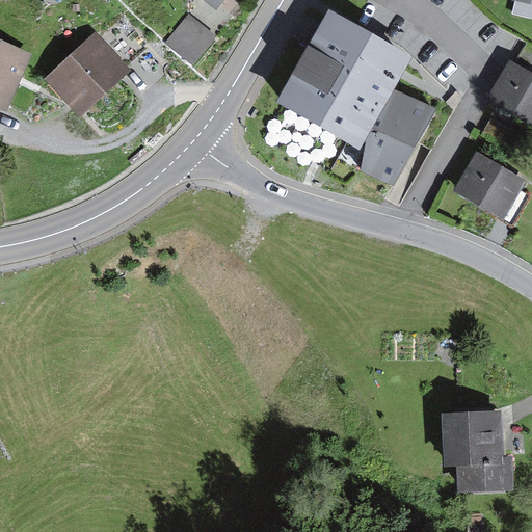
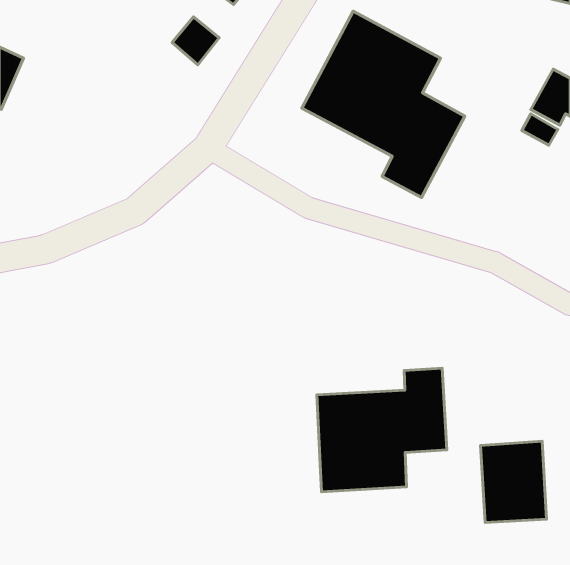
building: [51,37,123,108] -> none
building: [457,155,522,214] -> none
building: none -> [317,368,447,492]

